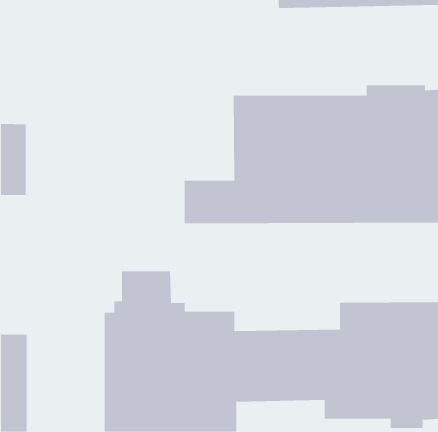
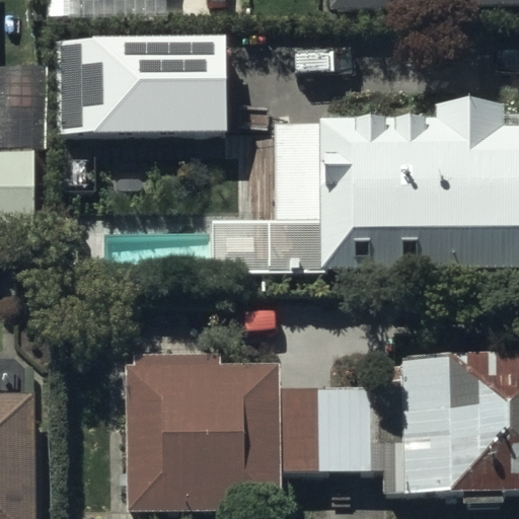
building: none -> [57,28,227,132]

